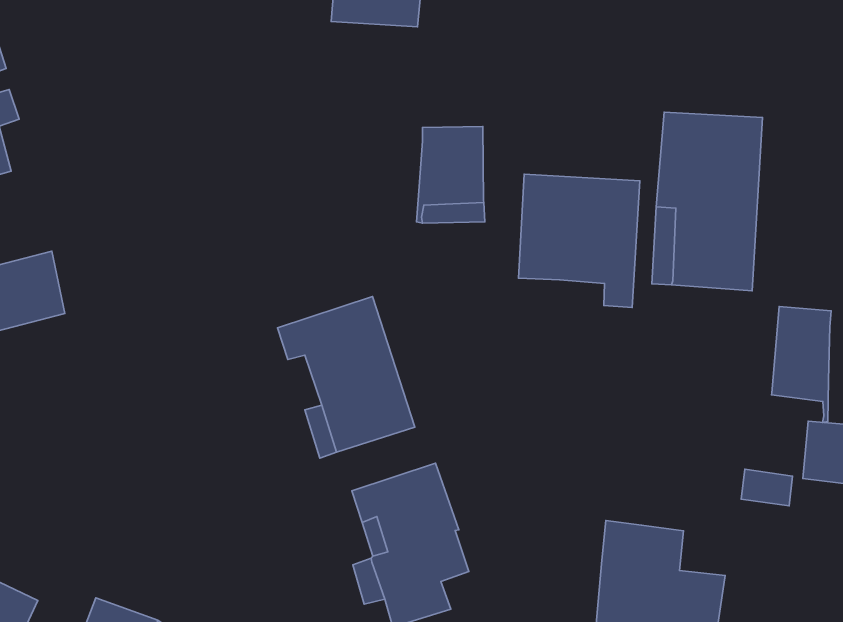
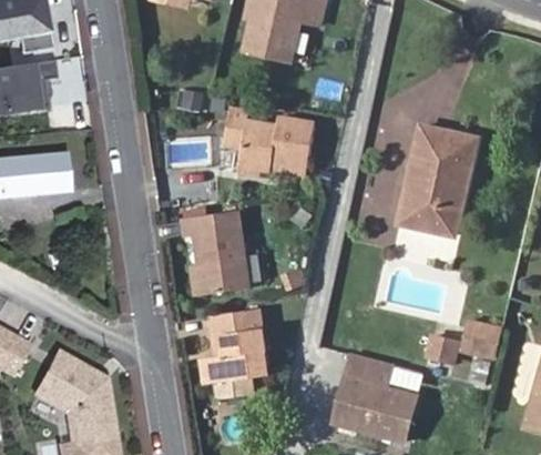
building: none -> [224,111,279,170]
building: [518,174,640,307] -> none
building: [772,306,831,422] -> none

